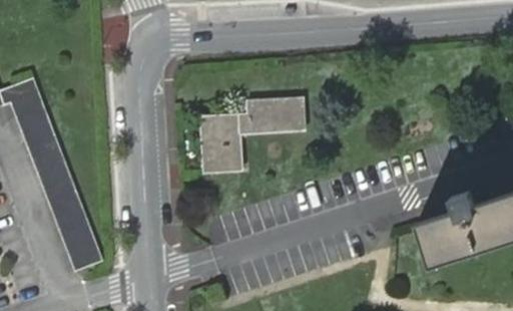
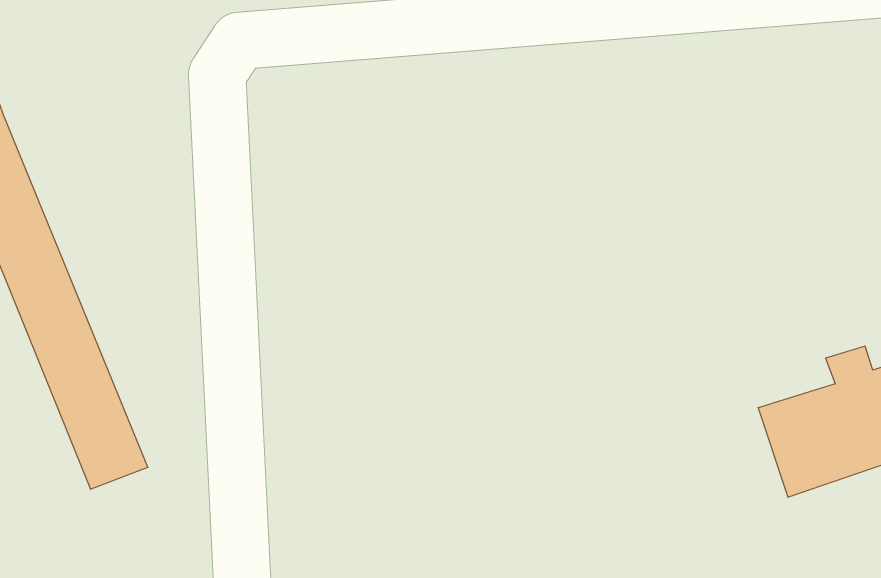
building: [198,104,304,175] -> none

